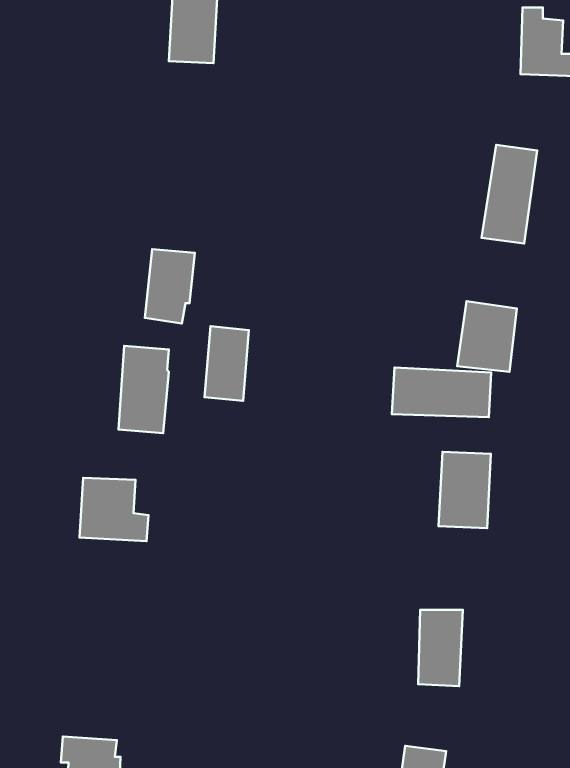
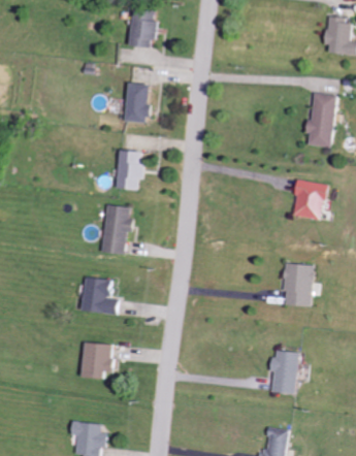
building: none -> [127,85,152,124]
building: [204,326,249,401] -> none
building: [392,368,491,417] -> none
building: none -> [83,343,112,377]

